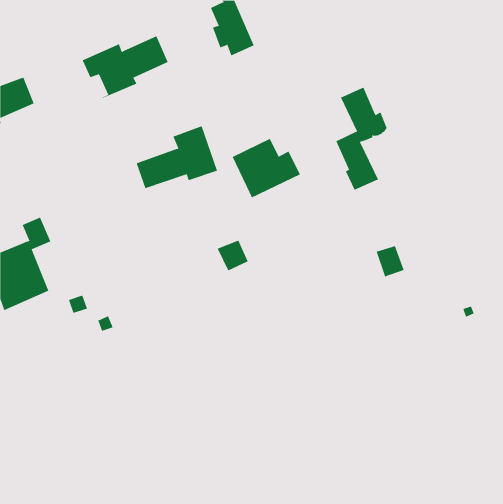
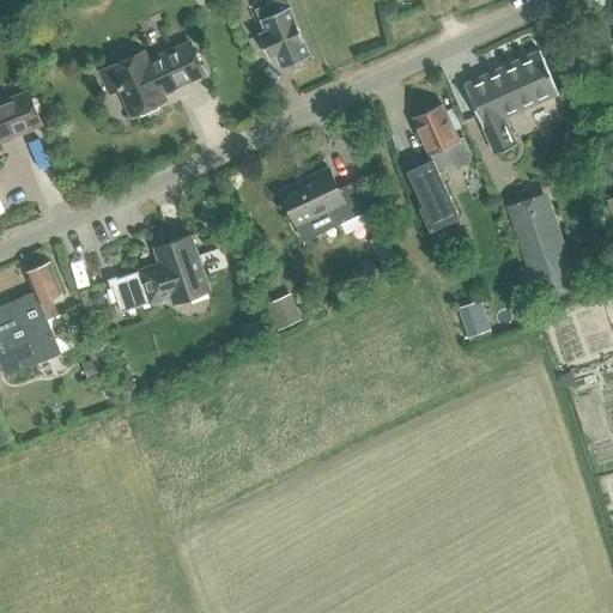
building: none -> [465,51,558,154]
building: [136,126,218,189] -> [110,236,210,312]
building: none -> [508,194,576,299]

